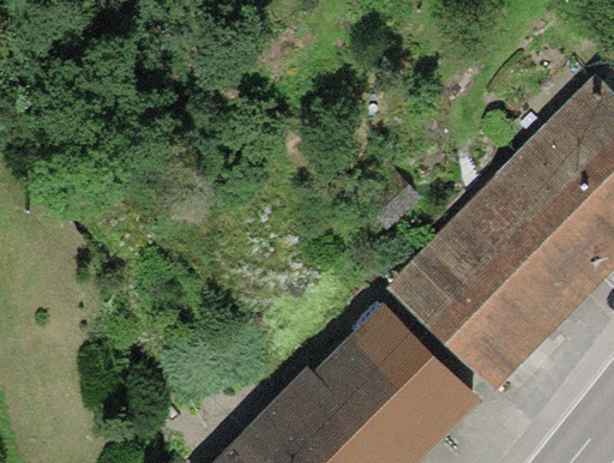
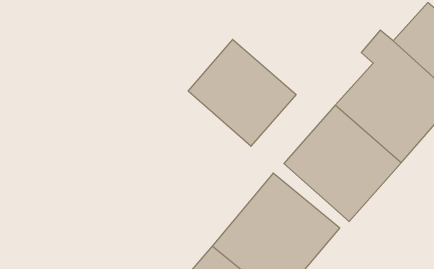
building: none -> [188,39,296,146]

